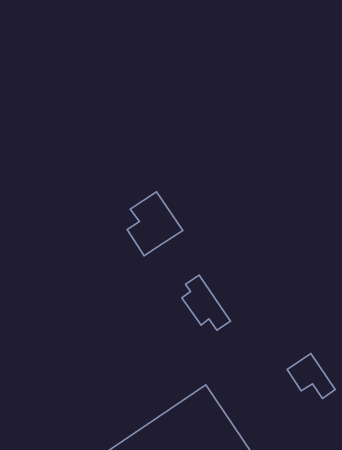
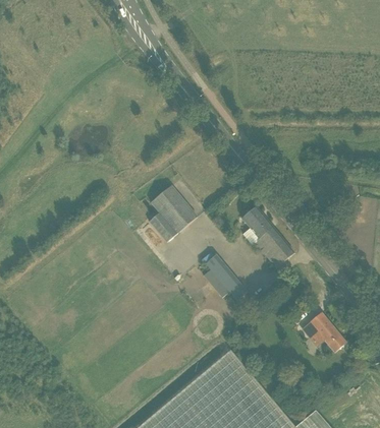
building: none -> [242,209,294,269]

